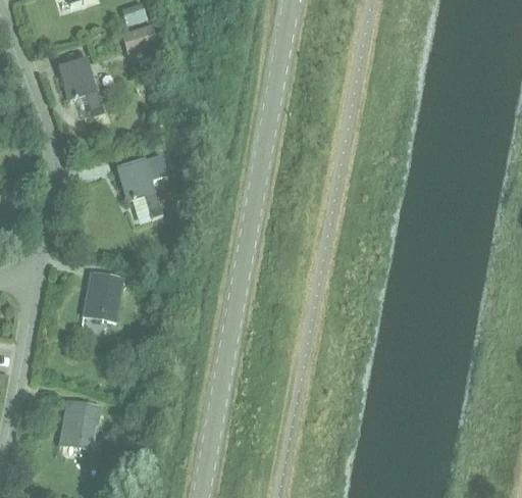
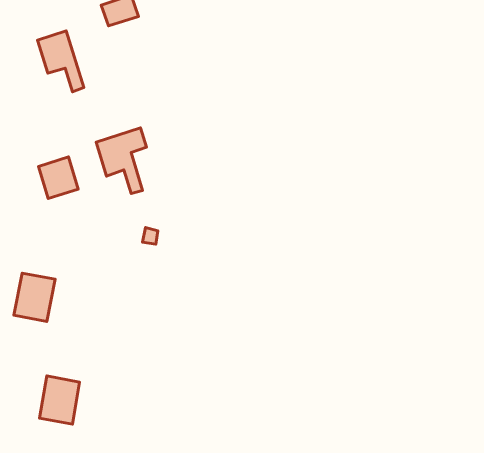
building: none -> [38,157,78,199]
building: [83,271,123,319] -> [14,273,55,321]

